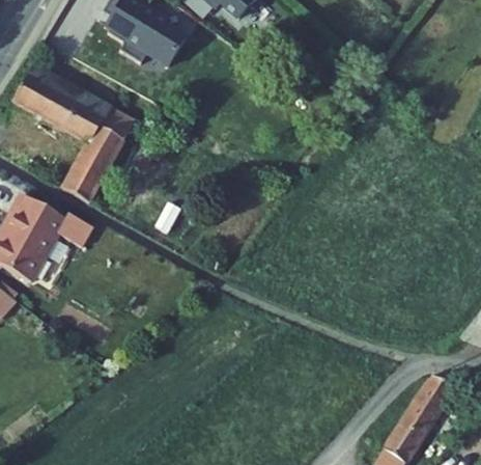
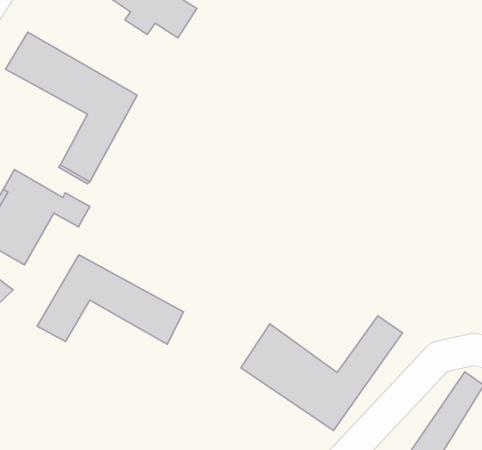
building: none -> [37,255,184,344]
building: none -> [241,316,403,431]

